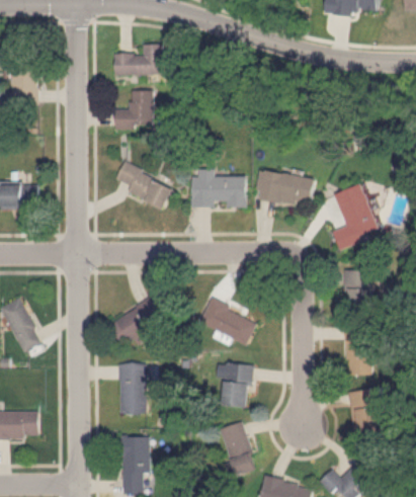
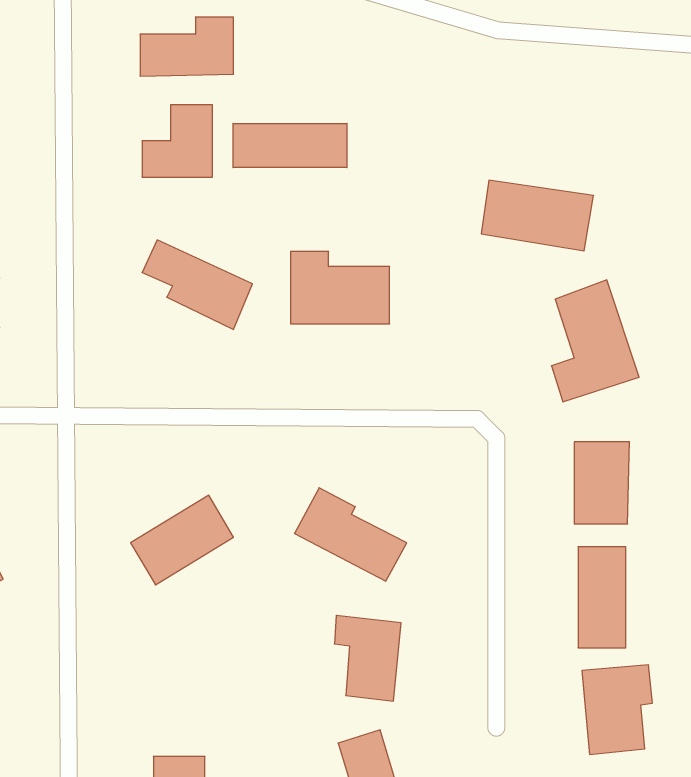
building: none -> [233,123,347,168]
building: [254,170,314,208] -> [481,180,594,251]
building: [117,362,145,412] -> none

